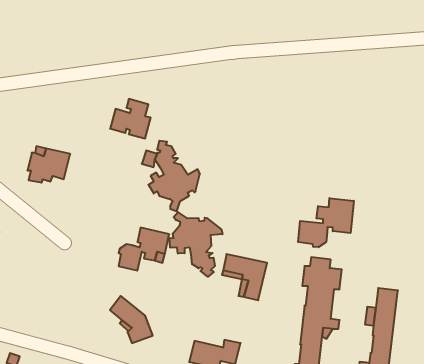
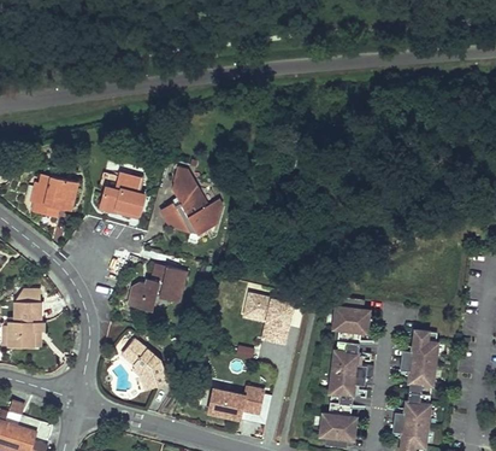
building: [110,99,151,138] -> [100,174,144,217]
building: [298,198,354,247] -> none
building: [169,212,222,277] -> none
building: none -> [8,289,42,346]

